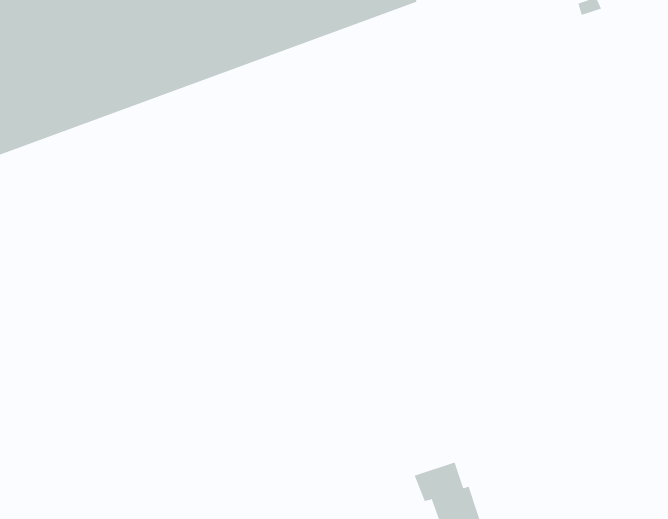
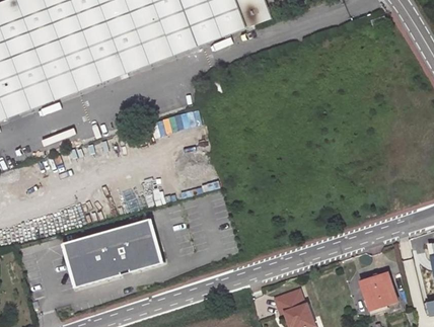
building: none -> [62,218,161,287]
building: none -> [360,268,394,307]

